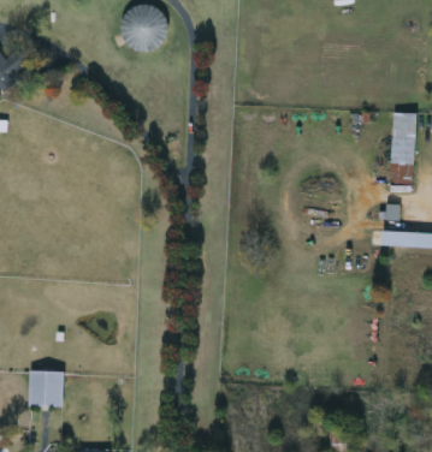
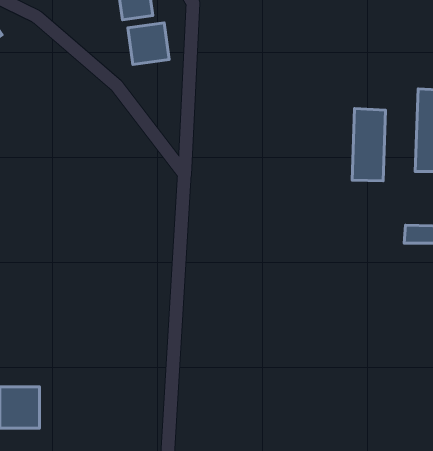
building: none -> [128,23,169,64]
building: none -> [352,108,385,181]

